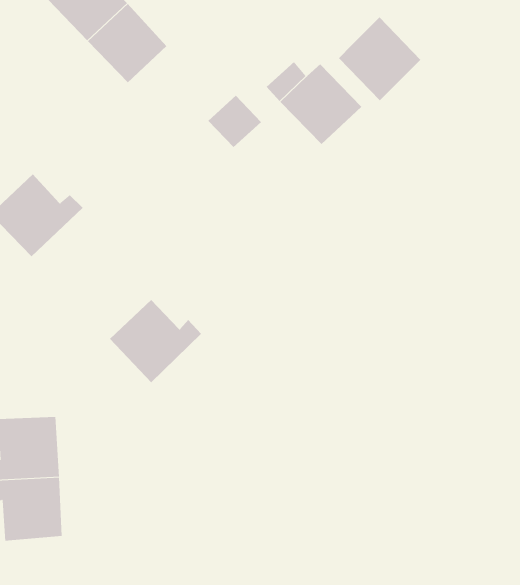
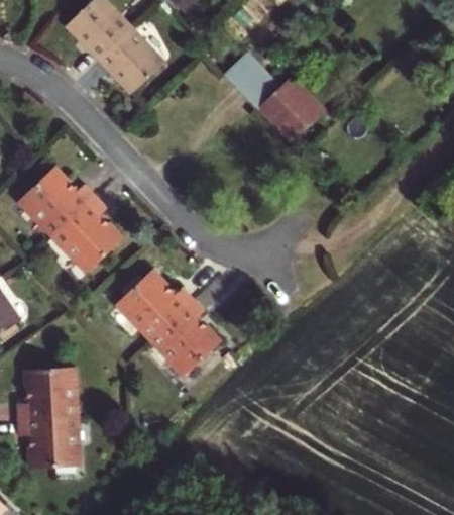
building: [338,17,421,101] -> none
building: [207,95,262,148] -> [223,54,267,97]
building: none -> [52,196,121,273]
building: none -> [150,299,218,375]

